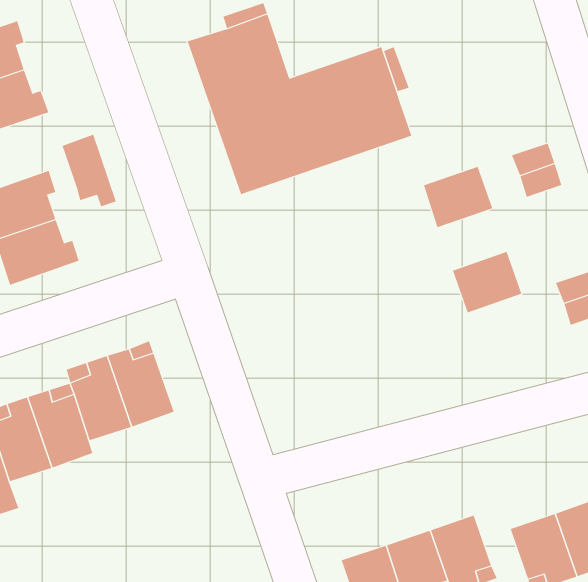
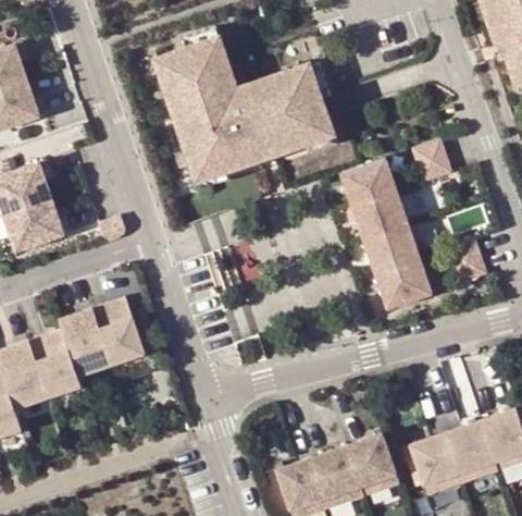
building: [62,134,116,207] -> none
building: none -> [352,192,408,241]
building: none -> [376,259,432,308]

